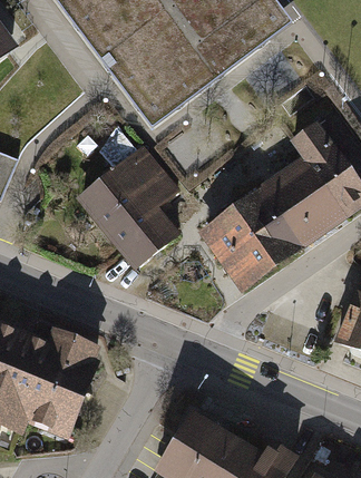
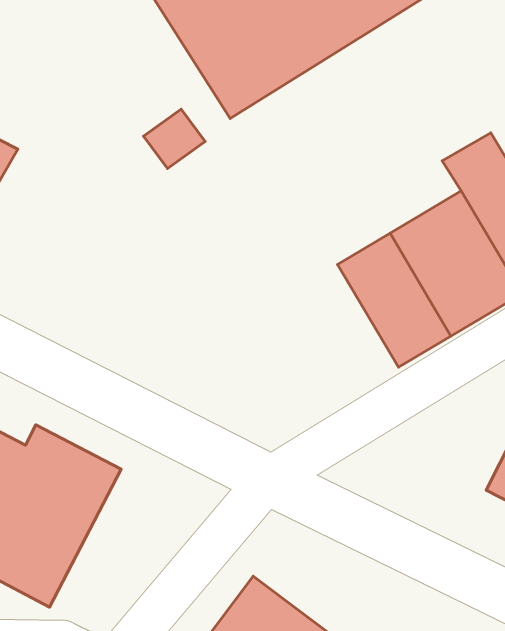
building: [77,143,183,270] -> none
building: [196,209,271,293] -> none

